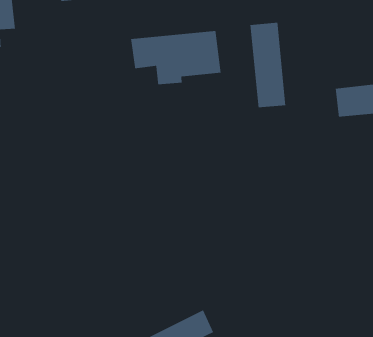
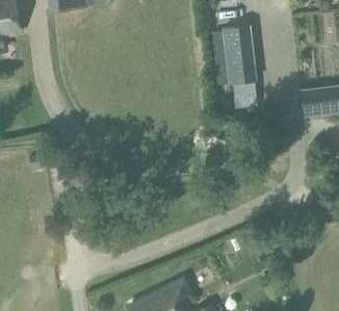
building: [130,30,222,85] -> none

